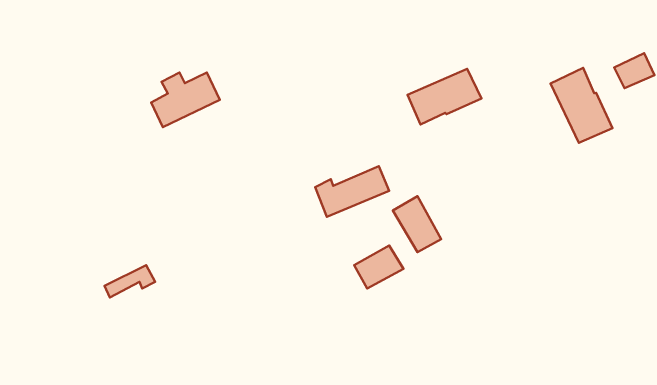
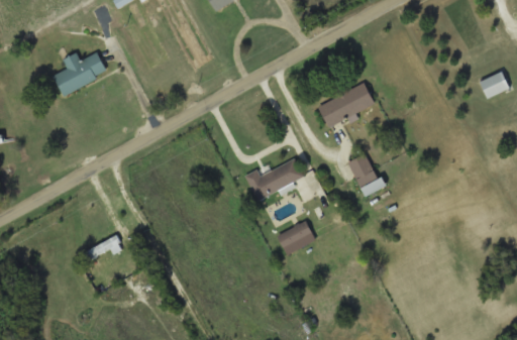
building: [550,68,613,143] -> none
building: [151,73,220,127] -> [54,52,107,95]
building: [393,196,441,252] -> [346,152,384,196]

